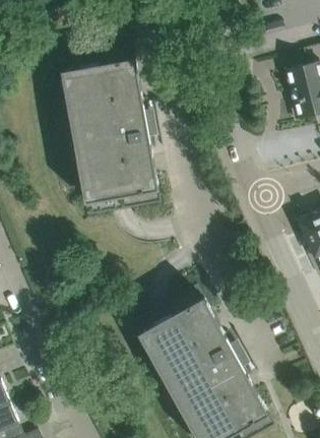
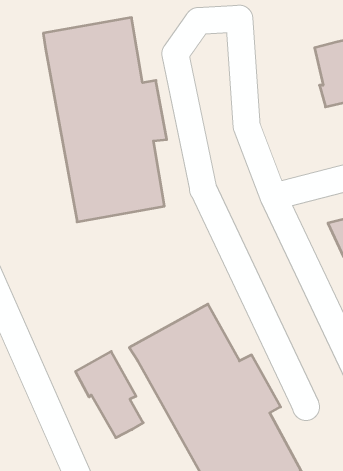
building: none -> [76,351,143,438]

